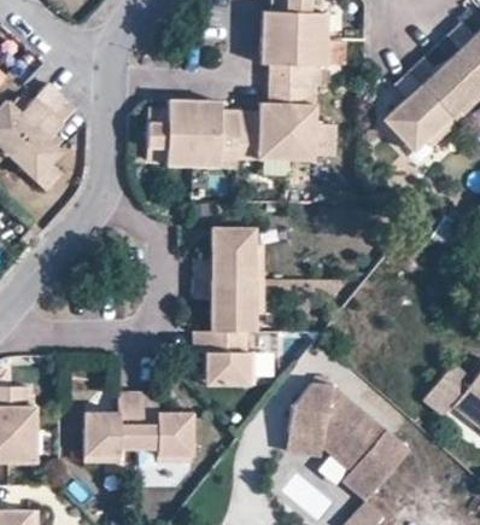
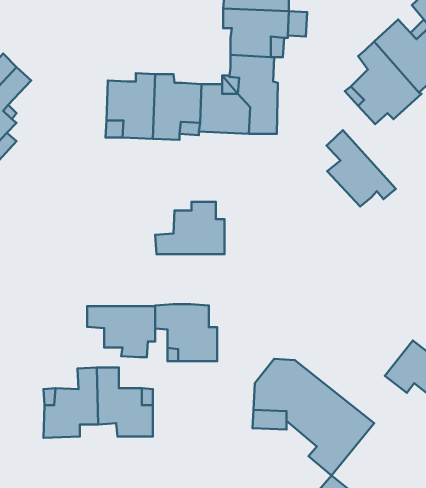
building: none -> [326,130,396,207]
building: [197,280,264,331] -> [87,306,155,357]

